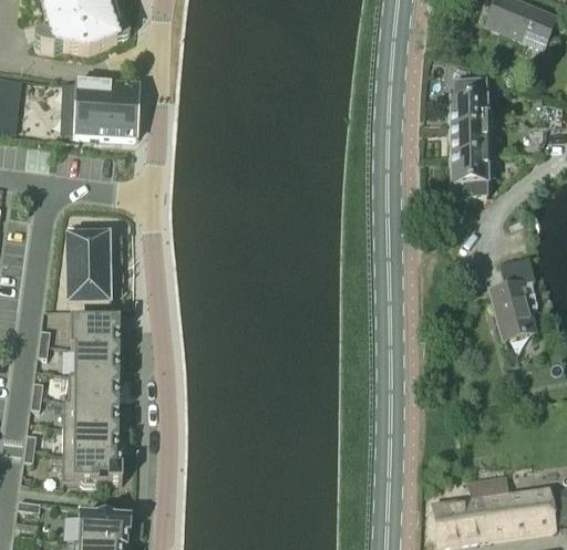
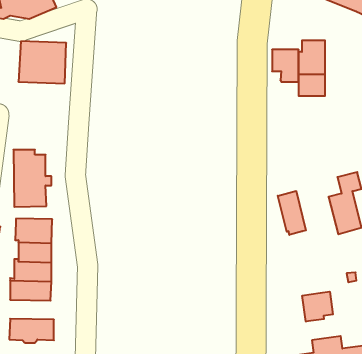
building: [450,154,485,197] -> [272,50,299,82]
building: none -> [278,191,306,235]
building: none -> [302,292,333,322]
building: [63,426,122,453] -> none

